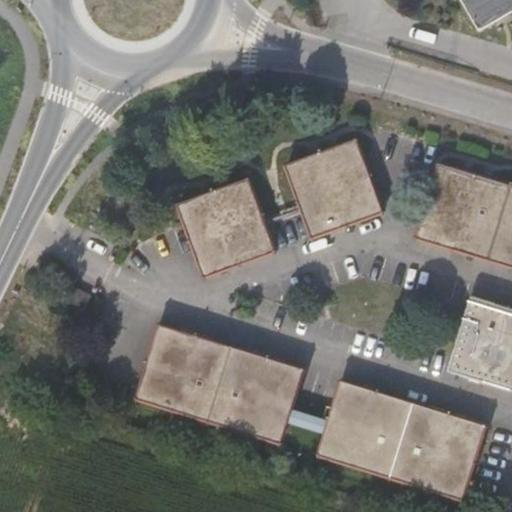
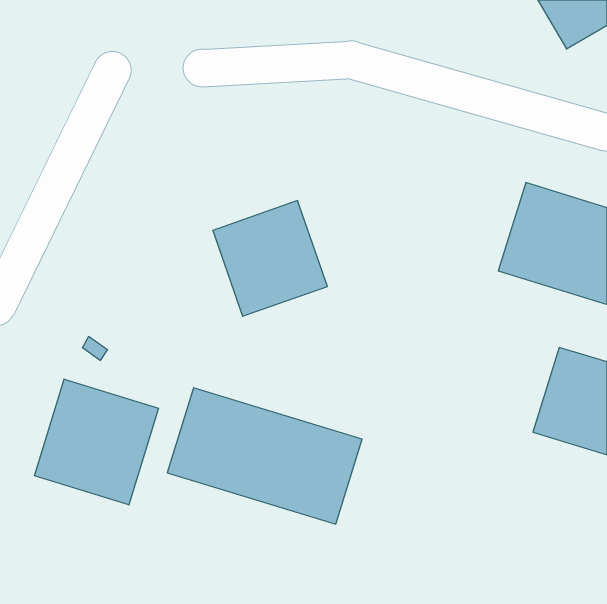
building: [287,134,383,232] -> none
building: none -> [35,379,158,505]
building: [320,384,486,501] -> none

